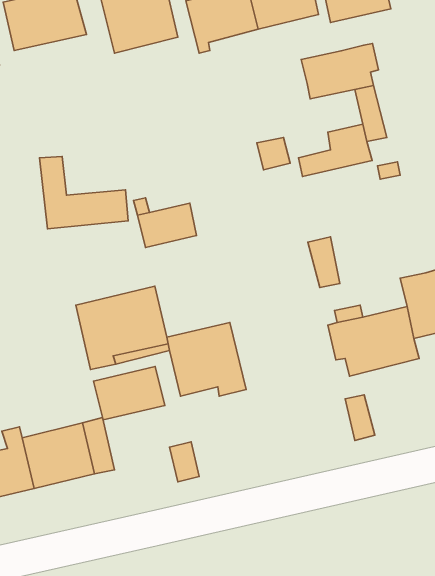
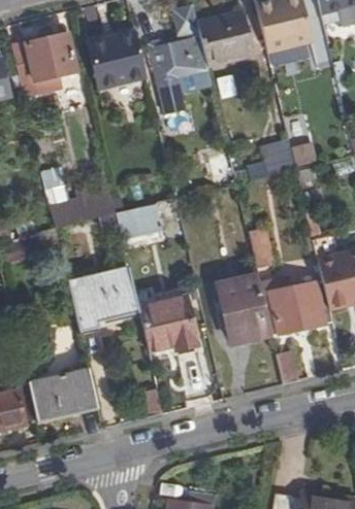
building: [301,43,379,99] -> none
building: none -> [218,274,271,343]
building: [94,367,165,420] -> none

